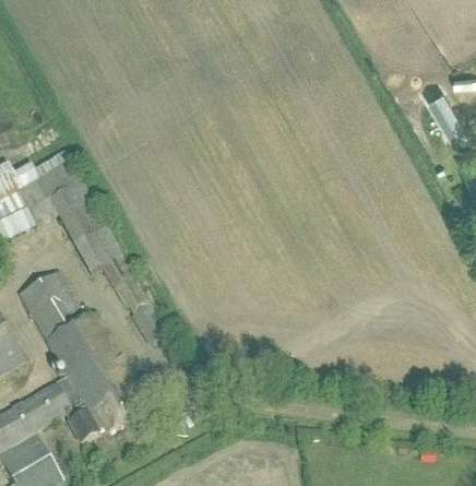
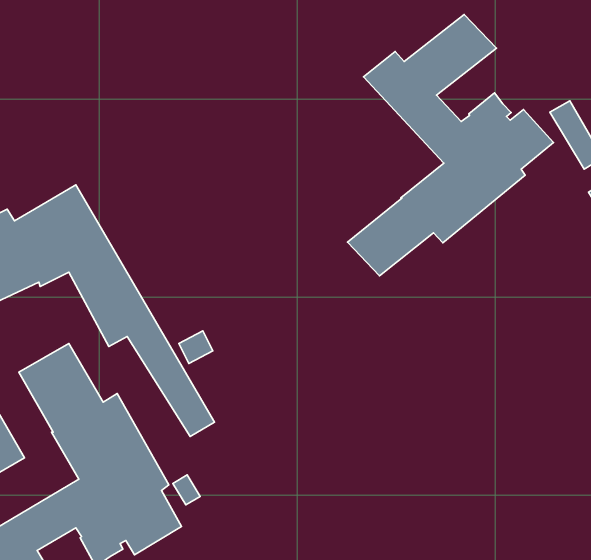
building: none -> [347,14,553,276]

